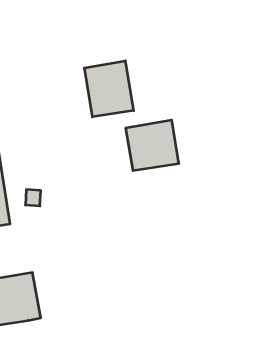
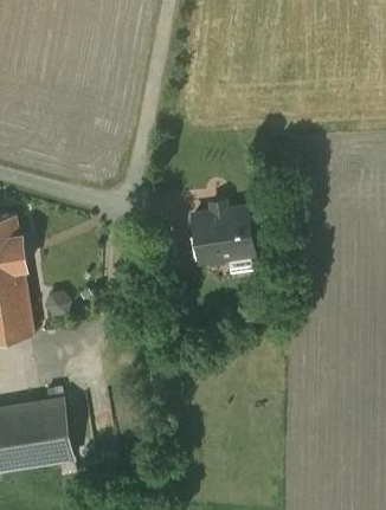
building: [84,61,134,117] -> none

